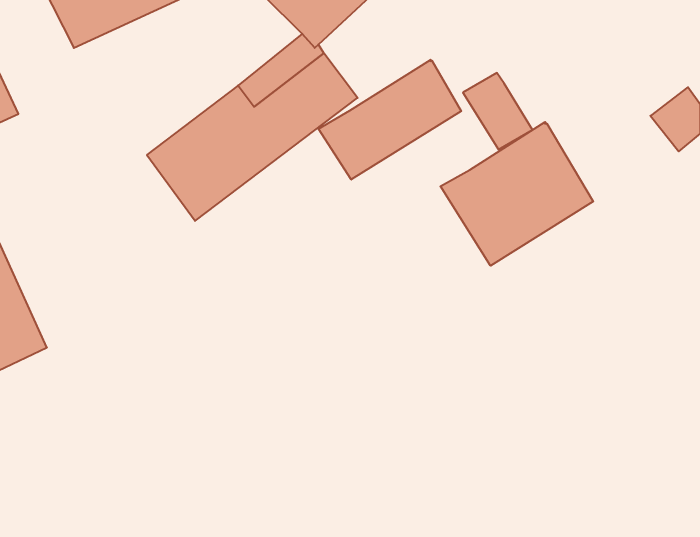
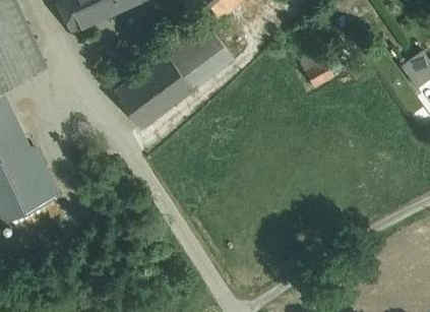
building: [319,60,461,180] -> none
building: [440,122,593,266] -> none

